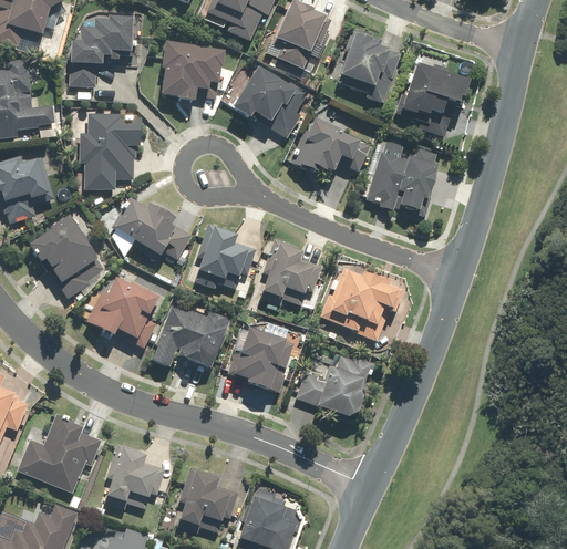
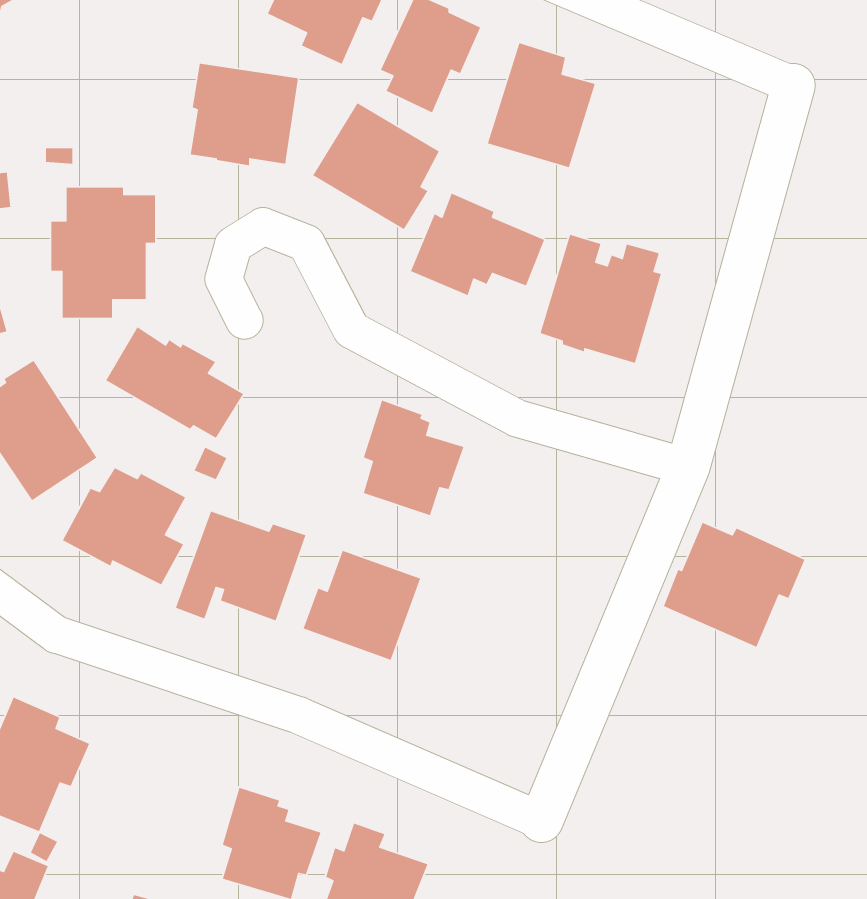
building: [69,15,133,86] -> none
building: [394,62,470,137] -> none
building: [195,222,256,288] -> none
building: [321,267,405,341] -> [663,522,806,648]
building: [296,356,375,416] -> none
building: [105,442,165,509] -> none

